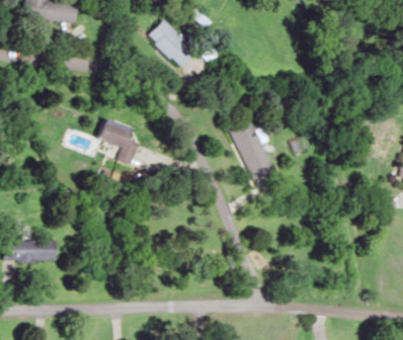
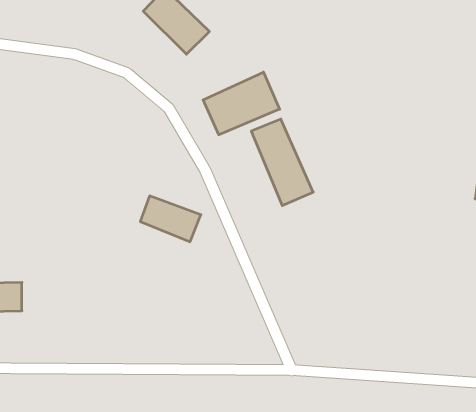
building: none -> [203,72,280,135]
building: [98,117,144,152] -> [140,196,201,242]

